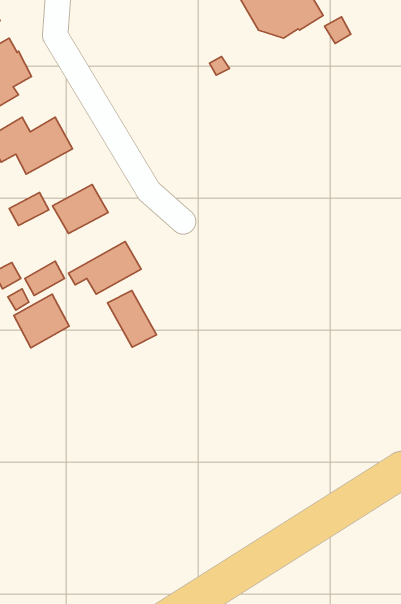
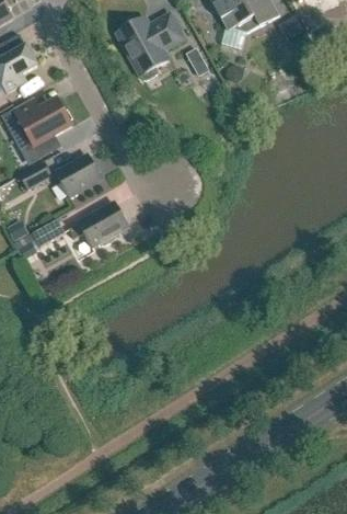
building: none -> [116,13,184,76]
building: [107,290,156,347] -> none
building: [14,294,69,348] -> none

